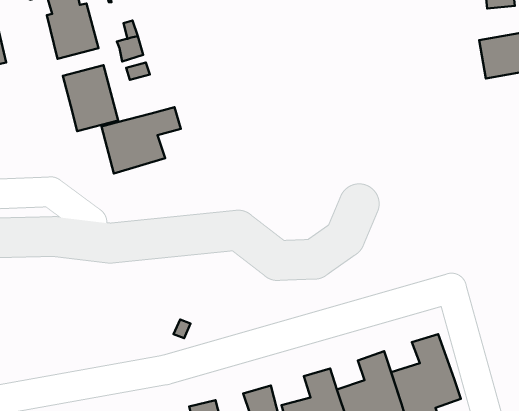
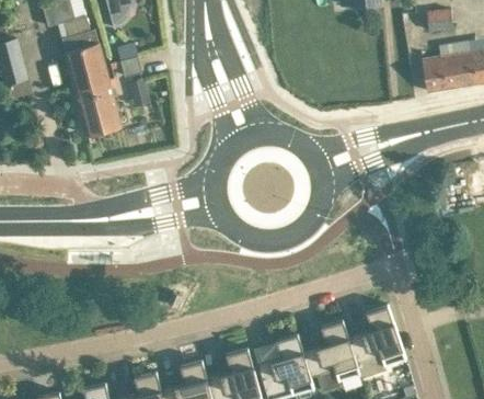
building: [102,107,181,173] -> none

